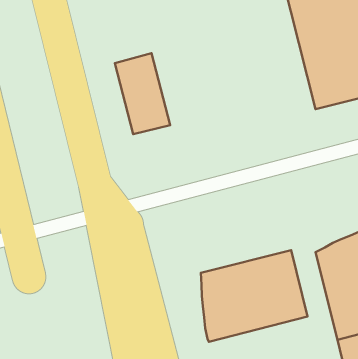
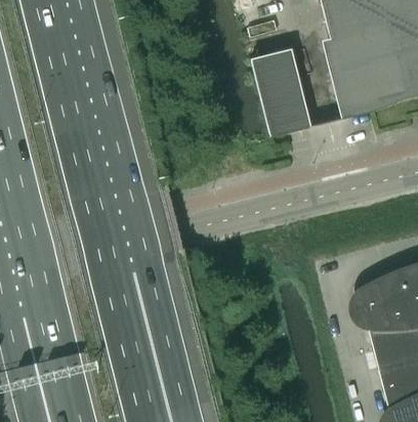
building: [115,53,170,134] -> [250,48,311,138]
building: [201,250,308,342] -> none

